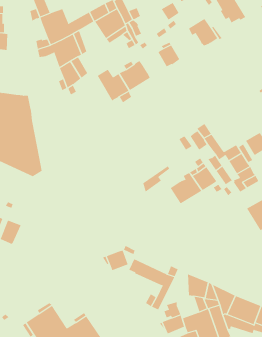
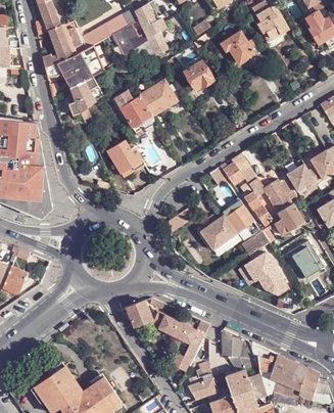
building: none -> [107,140,144,177]
building: none -> [243,237,287,295]

